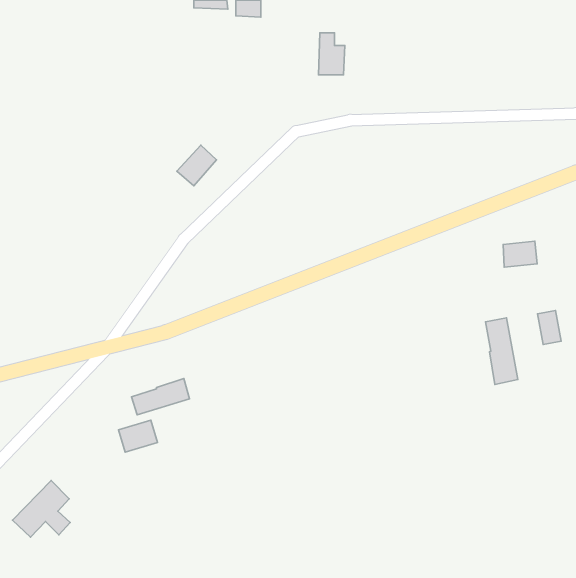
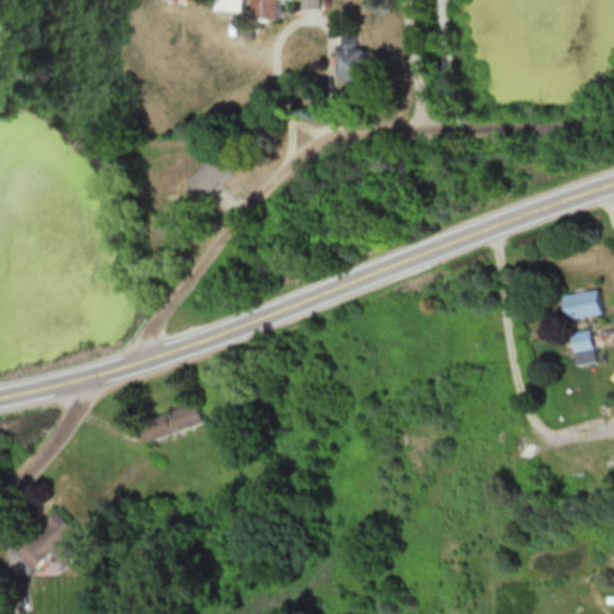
building: [503,241,537,267] -> [564,290,600,318]
building: [486,318,518,384] -> none
building: [118,420,157,452] -> none

